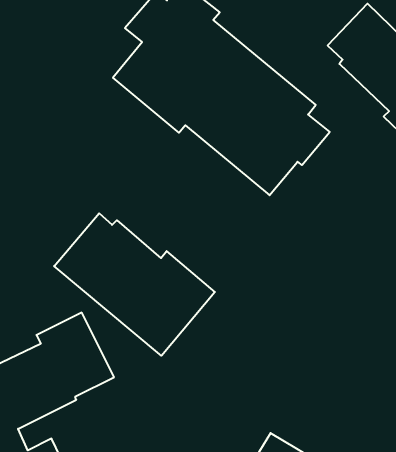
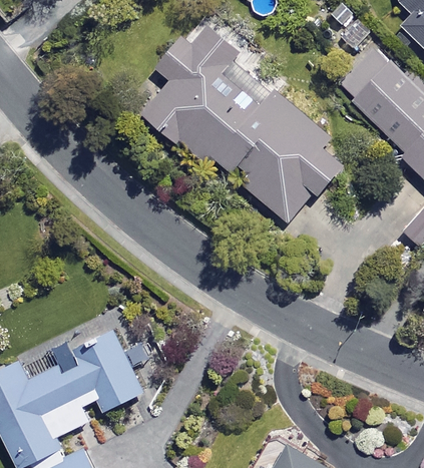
building: [54,213,215,356] -> none

